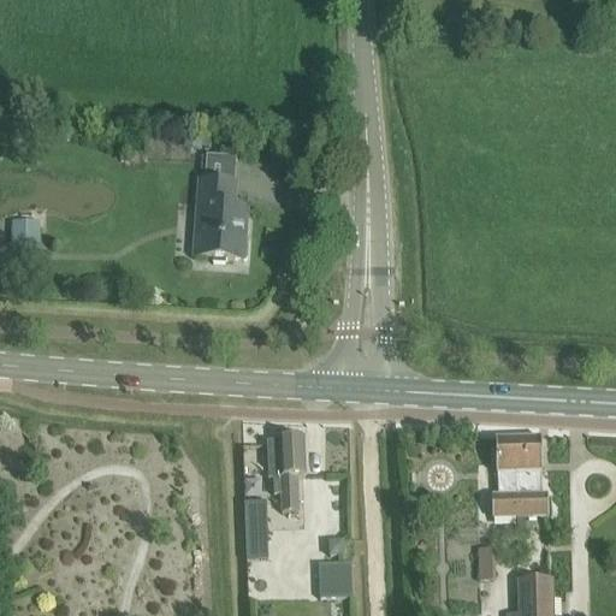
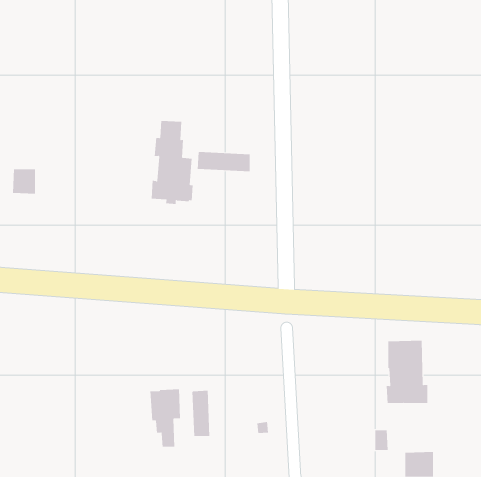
building: none -> [197,151,250,172]
building: [265,436,304,510] -> [150,389,181,447]
building: [318,561,351,594] -> none

